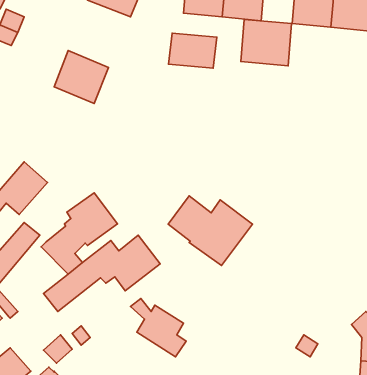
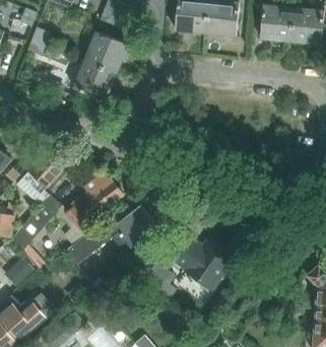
building: none -> [85,31,128,73]
building: [241,19,292,66] -> none
building: [169,33,217,68] -> none
building: [168,196,252,266] -> [170,234,236,289]

